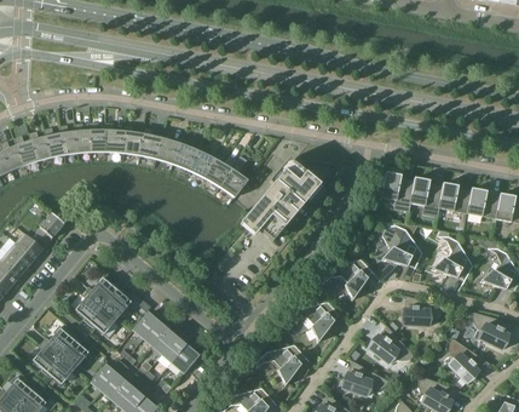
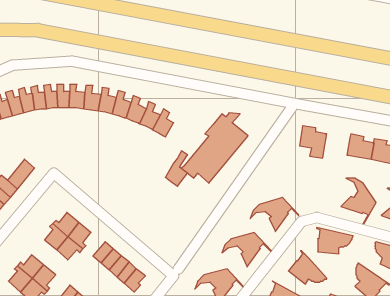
building: [220,154,247,196] -> [165,151,188,186]
building: [410,177,442,217] -> none
building: [381,224,422,279] -> none

